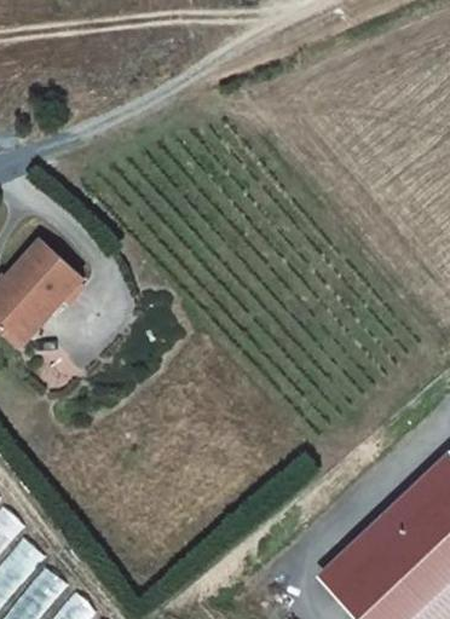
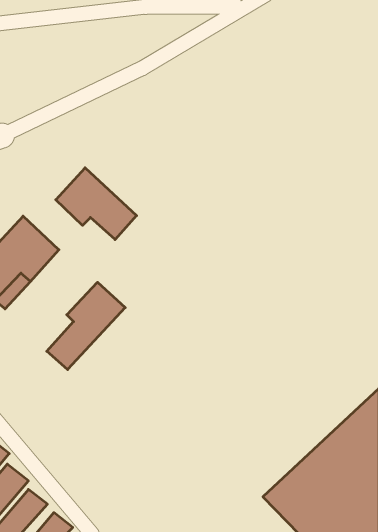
building: none -> [56,168,137,240]
building: none -> [47,282,125,370]

